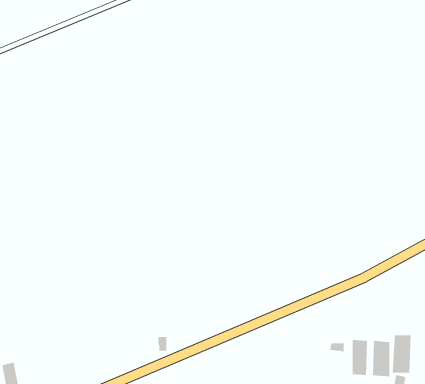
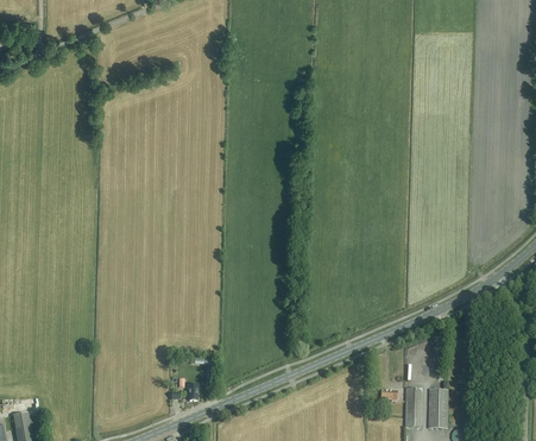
building: [392,334,411,374] -> none

